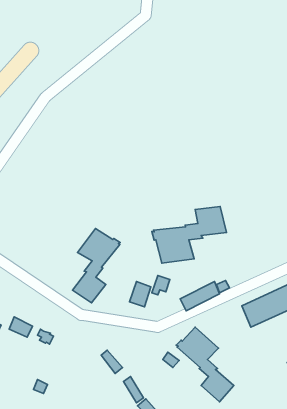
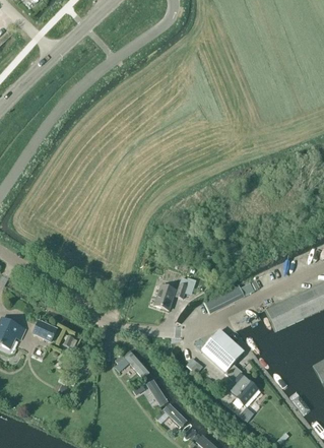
building: [152,206,226,263] -> none
building: [72,229,120,303] -> none

